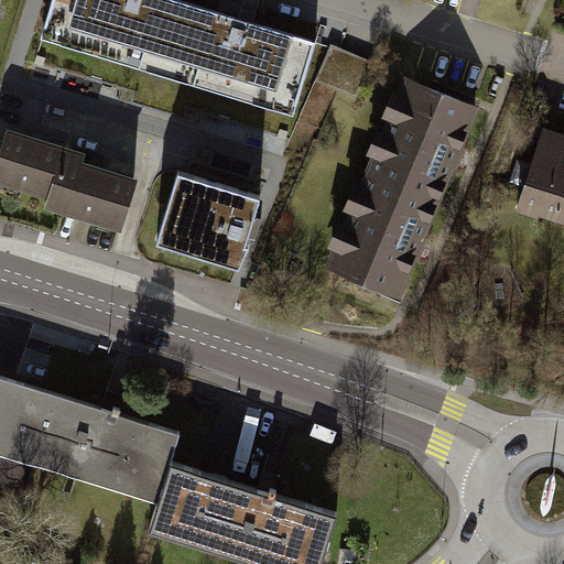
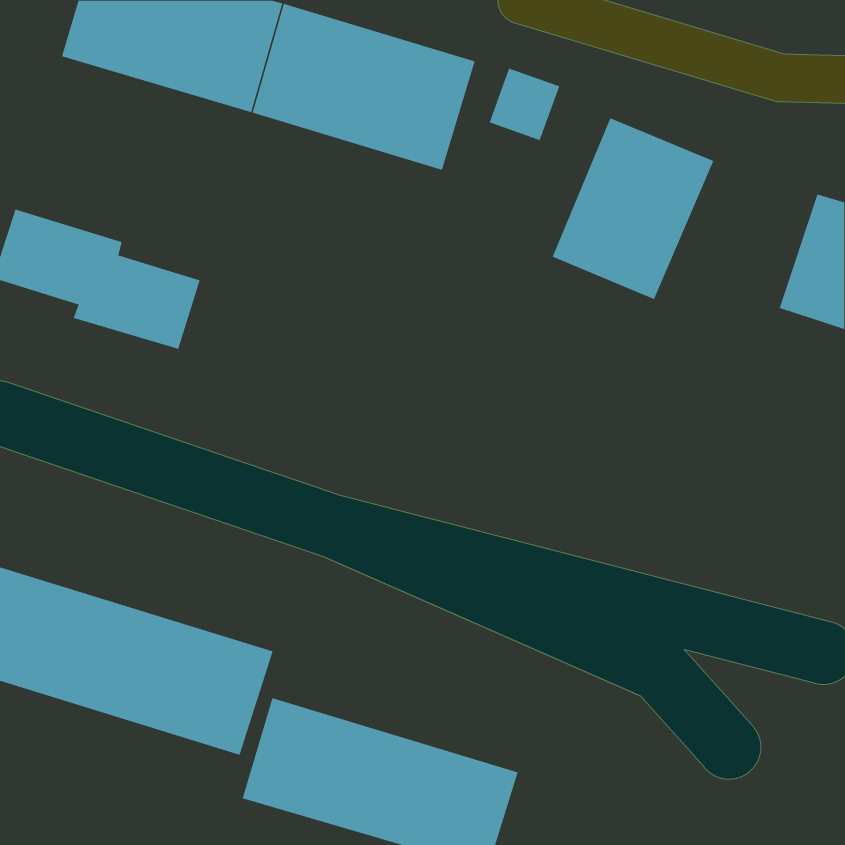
building: [327,172,435,294] -> none
building: [147,176,248,269] -> none

